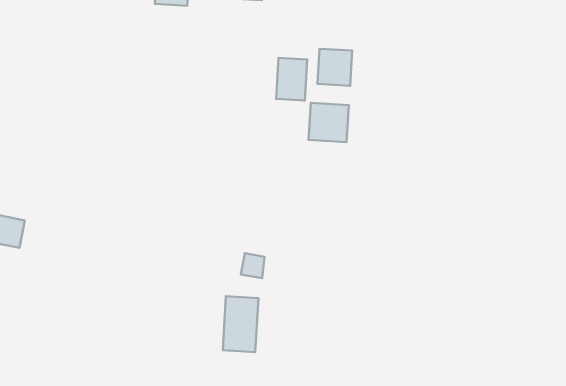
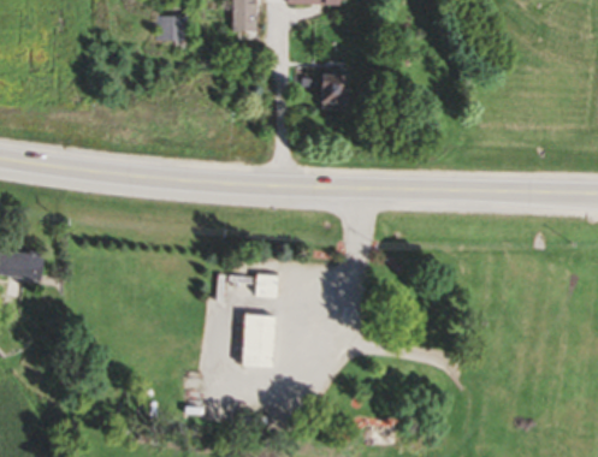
building: [276,58,307,100] -> none
building: [309,103,349,142] -> none

